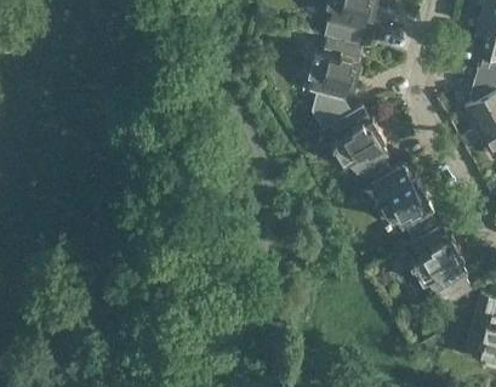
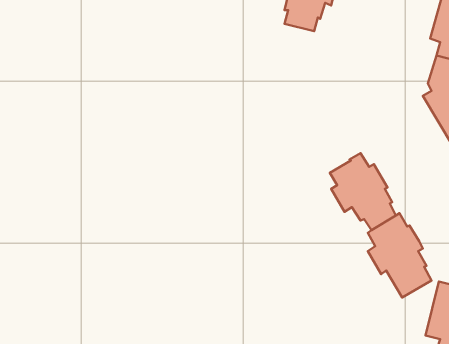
building: [307,36,363,118] -> none
building: [331,106,393,187] -> none

